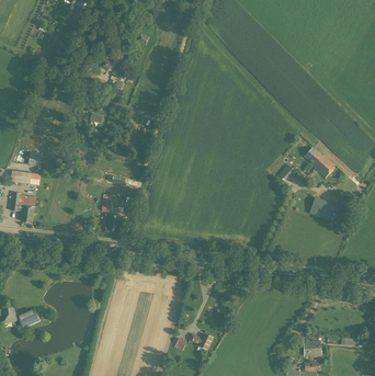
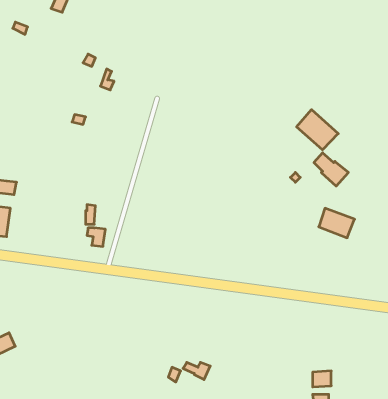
building: none -> [297,110,338,150]

